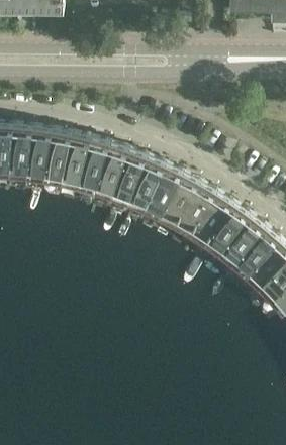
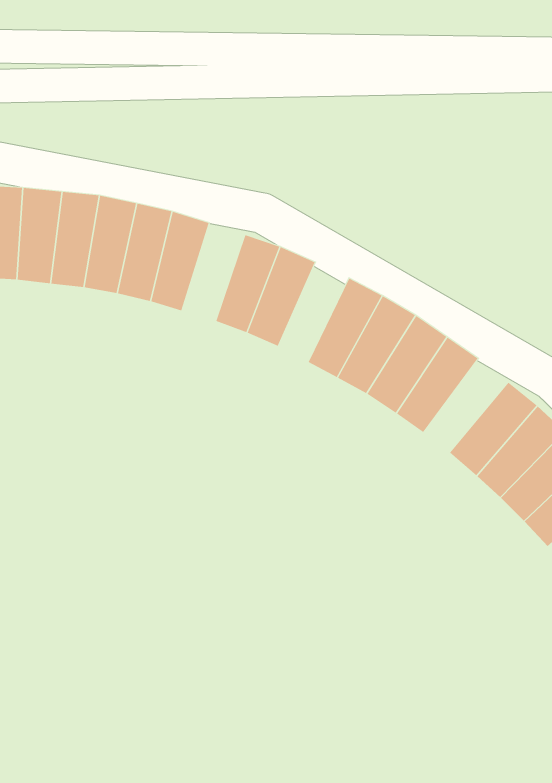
building: [95,147,127,198] -> none
building: [145,168,181,219] -> none
building: [219,217,263,265] -> none

